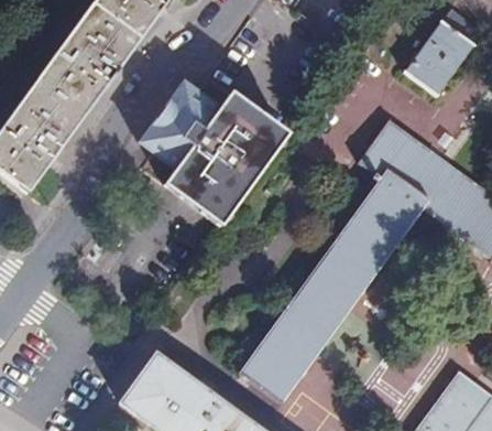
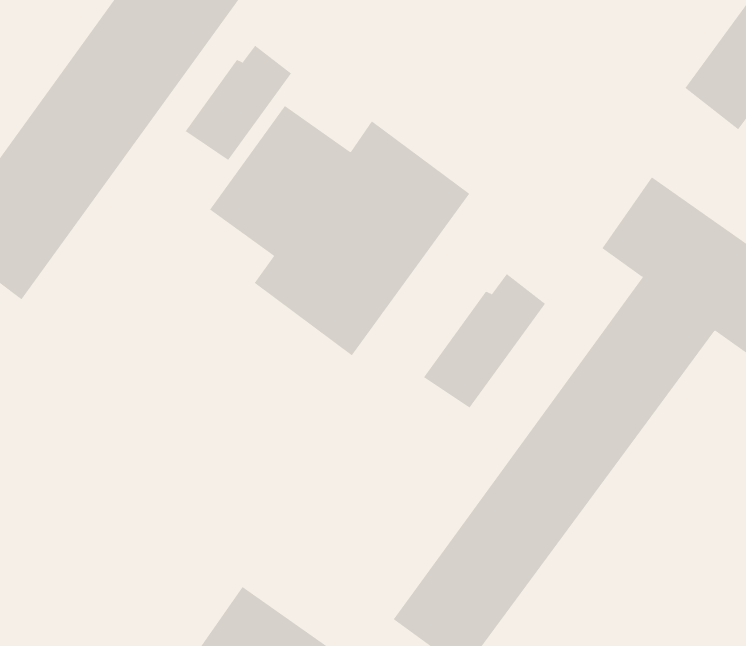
building: none -> [185,45,292,161]
building: none -> [423,273,546,408]

